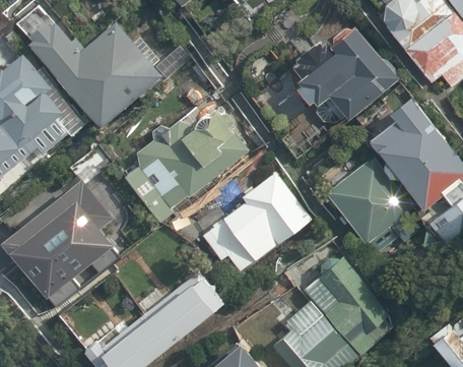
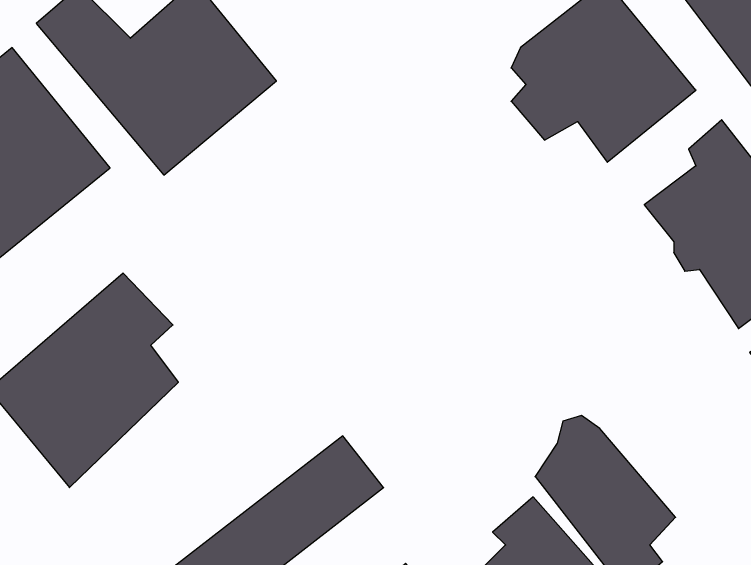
building: [126,111,248,227] -> none
building: [321,156,406,242] -> none
building: [201,167,310,268] -> none

